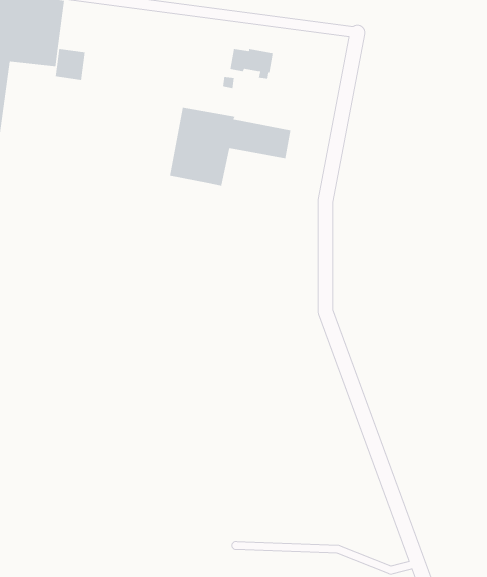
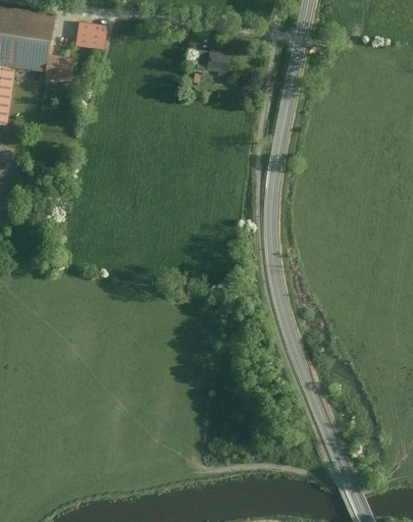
building: none -> [75,23,104,50]
building: [169,107,291,186] -> none

